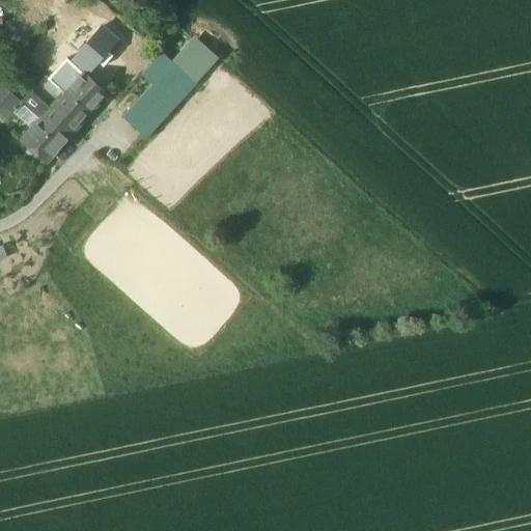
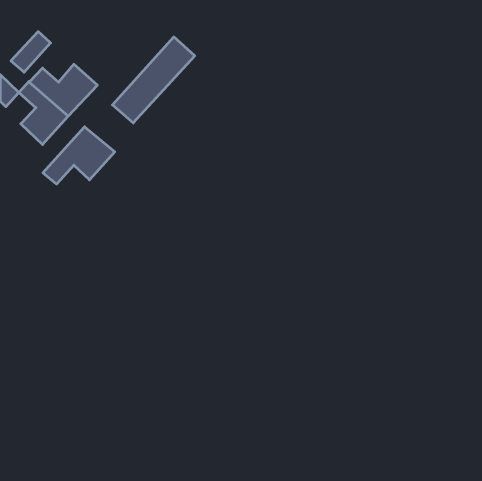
building: [74,26,117,71] -> [11,32,51,72]
building: none -> [43,127,115,184]

